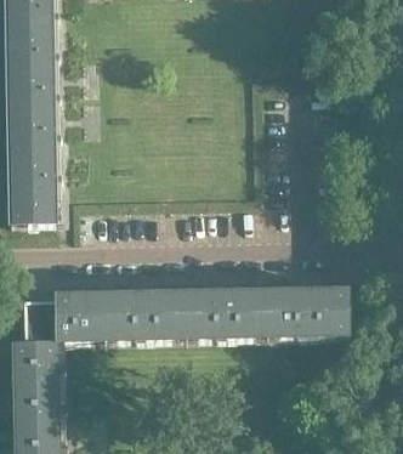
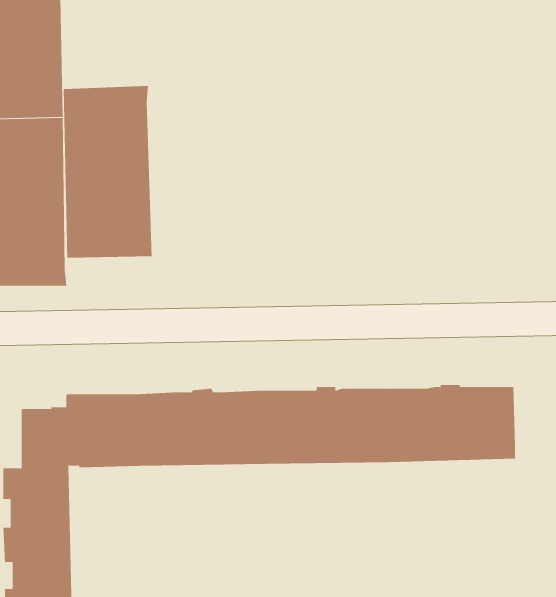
building: none -> [63,85,152,258]

